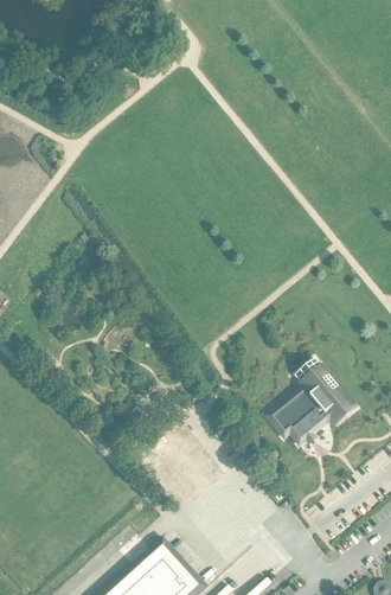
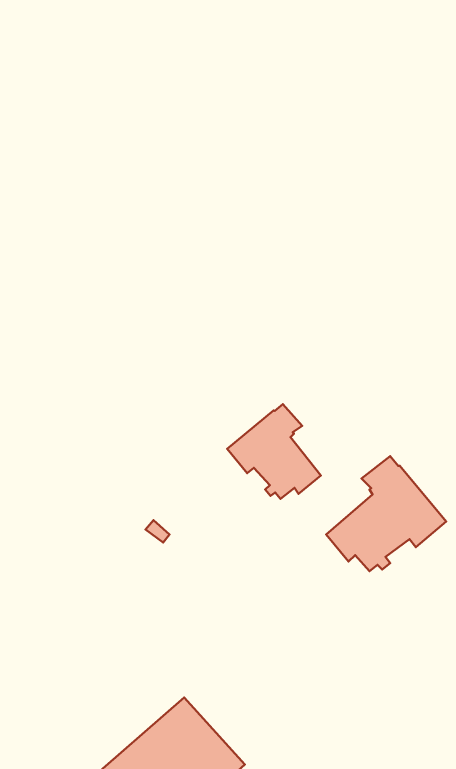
building: none -> [227,404,321,499]

